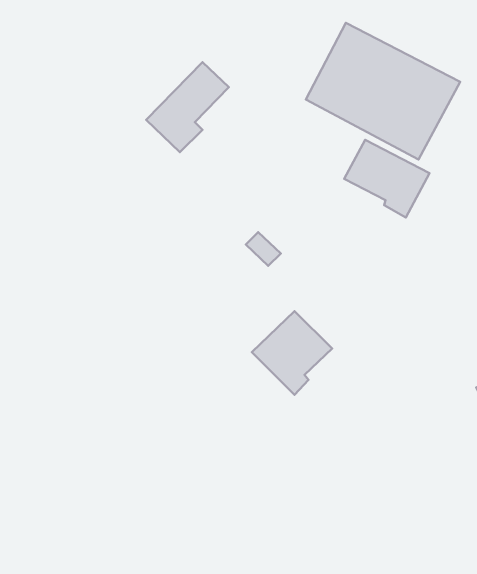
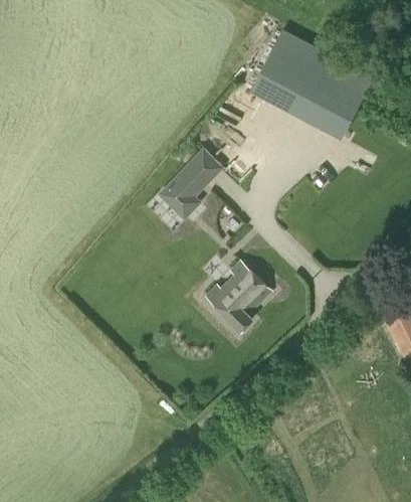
building: [146,62,229,152] -> [158,148,224,220]
building: [344,140,429,217] -> none

